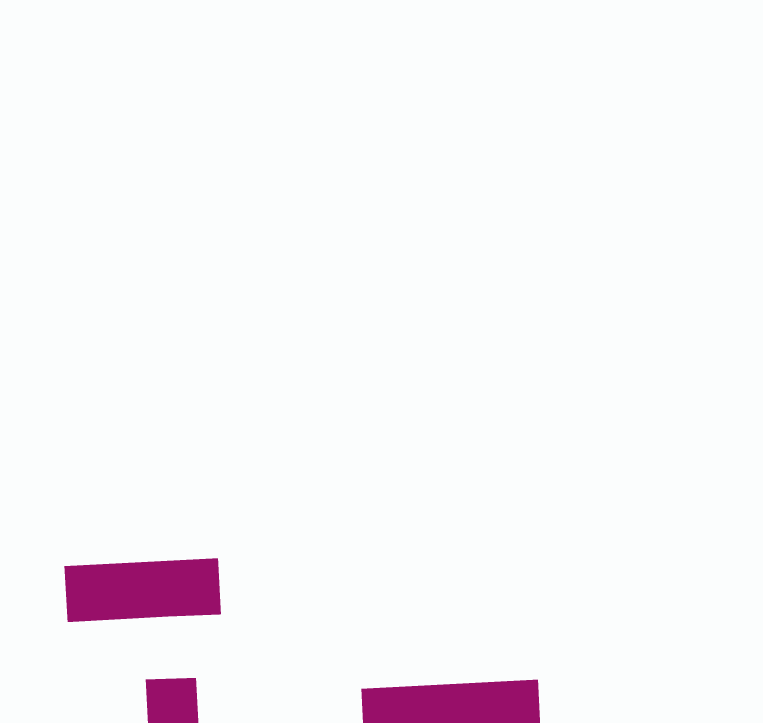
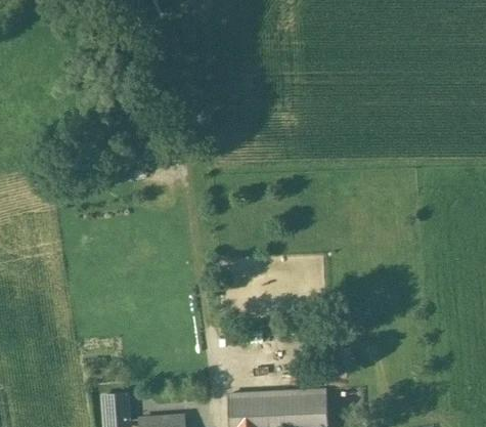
building: [64,557,222,623] -> none

